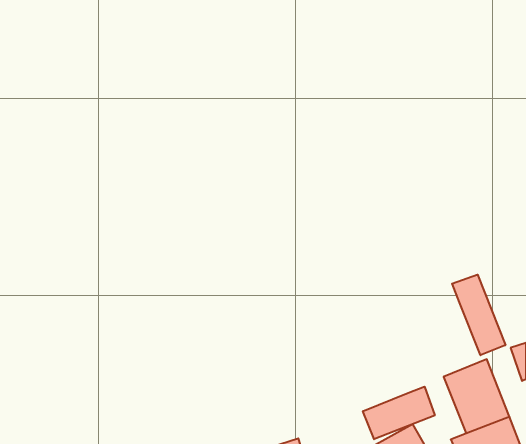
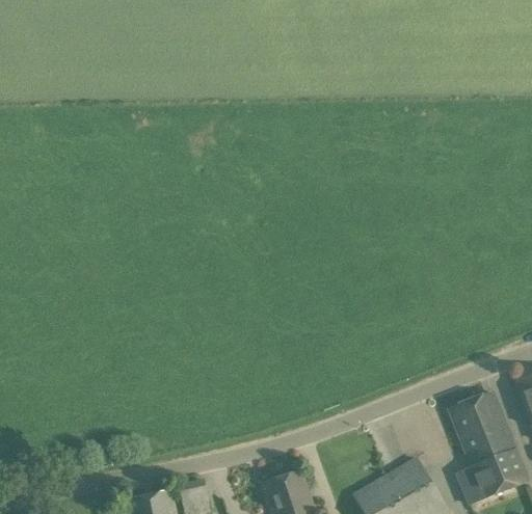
building: [452,275,505,355] -> none
building: [363,387,435,439] -> none

